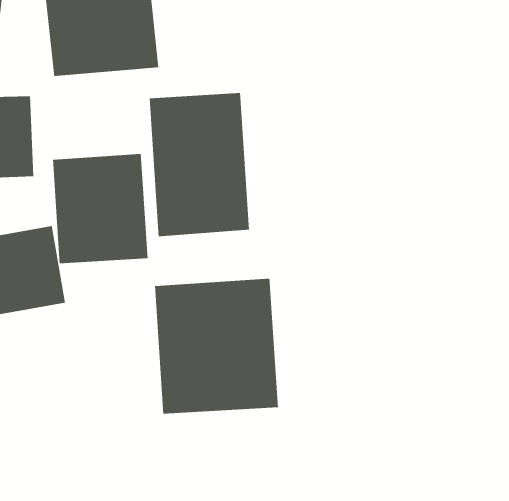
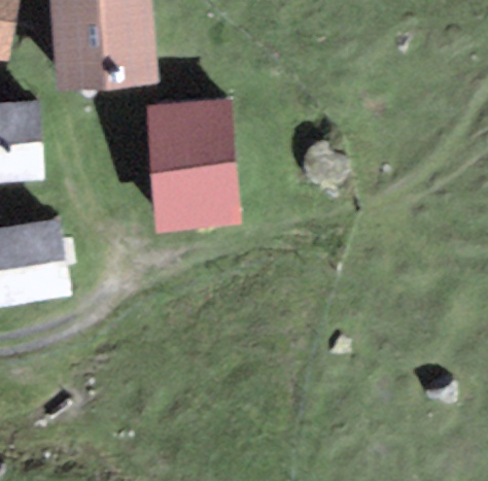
building: [53,153,148,264] -> none
building: [154,278,278,415] -> none

